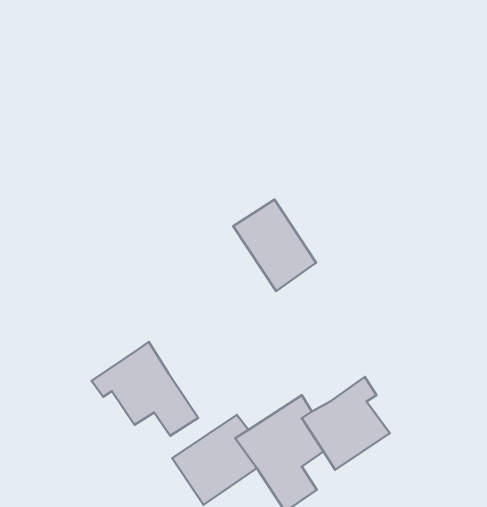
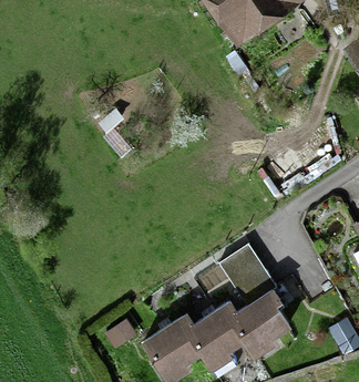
building: [233,200,316,291] -> [218,246,274,307]
building: [91,342,198,436] -> none

